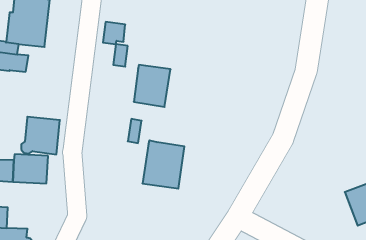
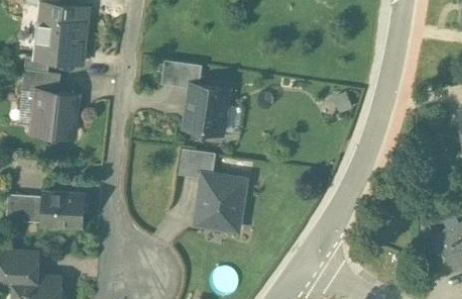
building: [103,22,125,44] -> [175,64,201,90]
building: [21,117,60,154] -> [31,92,77,136]
building: none -> [190,152,215,179]

